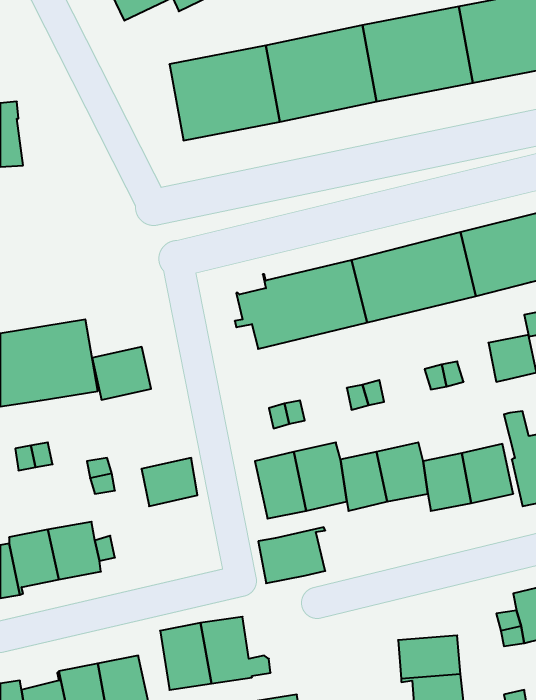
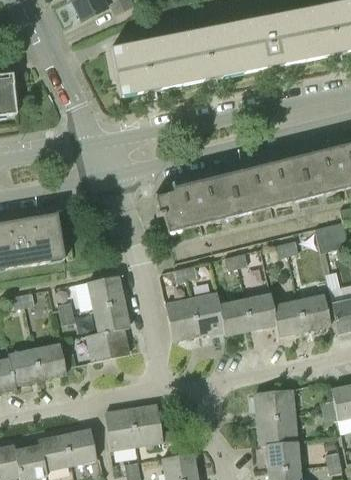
building: [92,347,151,400] -> [86,274,124,308]
building: [258,527,325,583] -> [86,325,129,361]
building: none -> [254,388,295,418]

